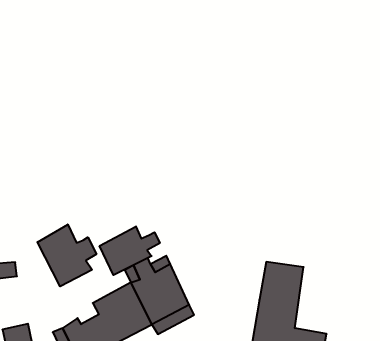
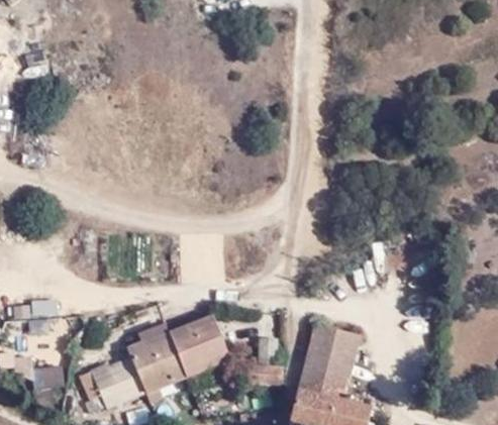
building: [37,224,96,286] -> none
building: [100,226,160,275] -> none

